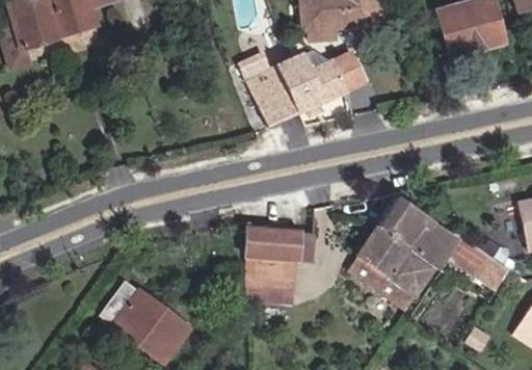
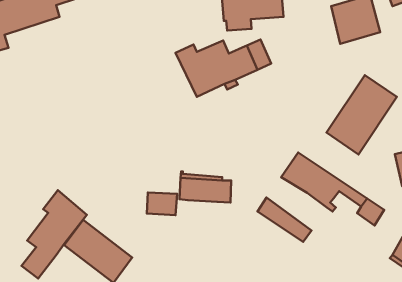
building: none -> [327,75,397,154]
building: [357,228,434,295] -> none
building: none -> [22,190,87,278]
building: [257,257,295,286] -> [147,192,177,215]

